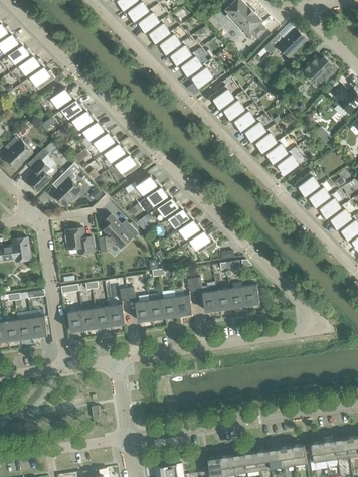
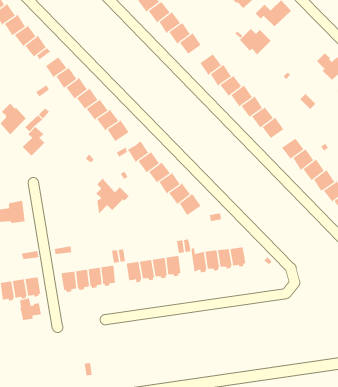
building: [302,57,335,86] -> [239,28,271,55]
building: [51,164,77,205] -> none
building: [64,228,94,254] -> none
building: none -> [19,298,41,321]

